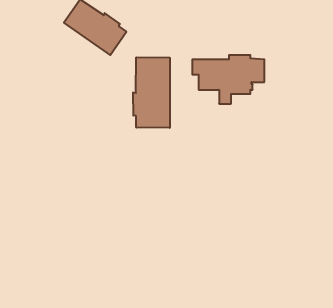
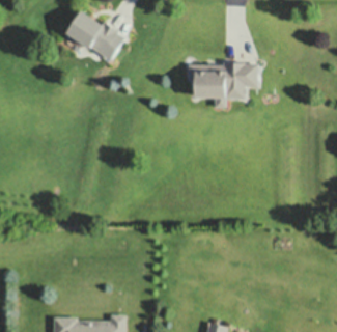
building: [133,57,170,128] -> none

